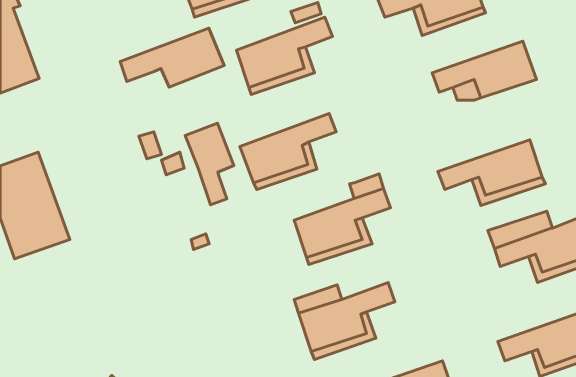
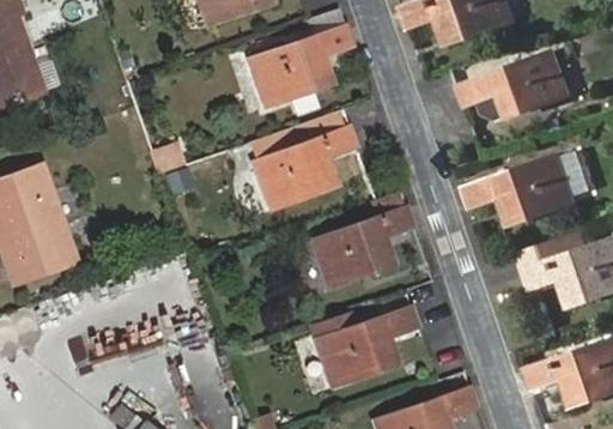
building: [120,28,224,87] -> none
building: [185,123,234,205] -> none

